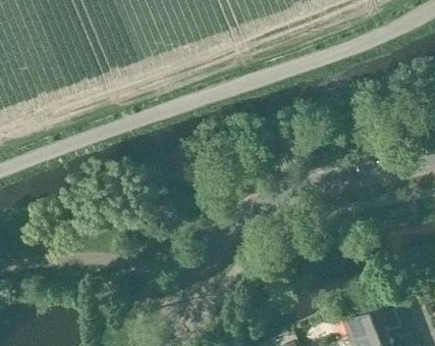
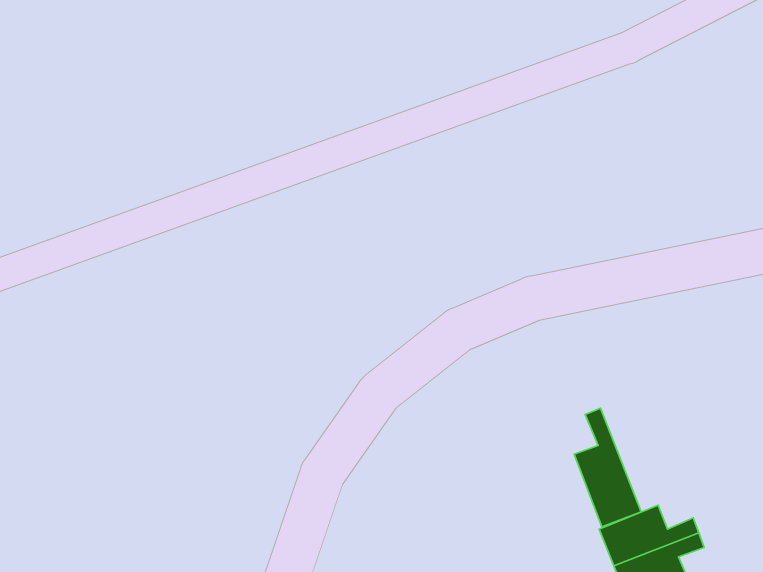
building: none -> [574,408,641,527]

